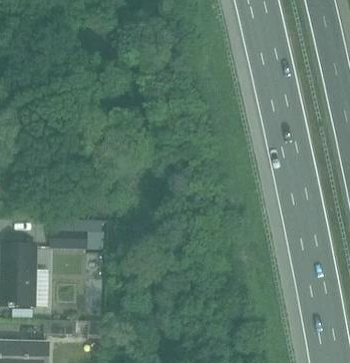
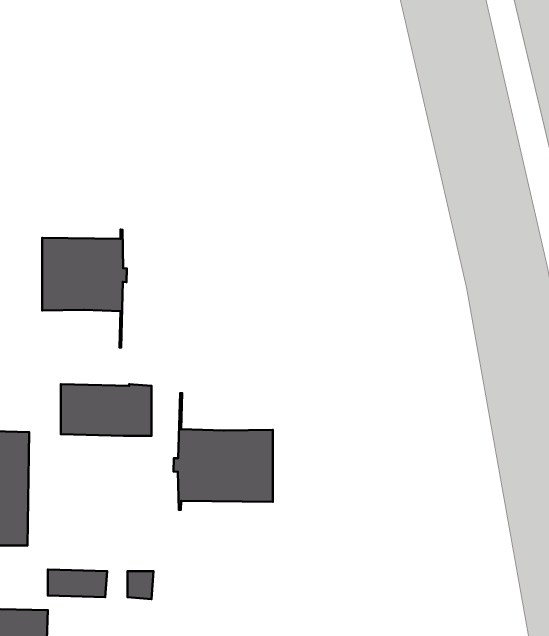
building: none -> [42,230,127,348]
building: none -> [174,393,273,510]

